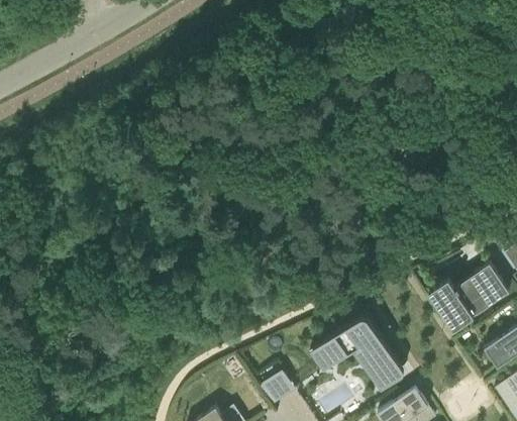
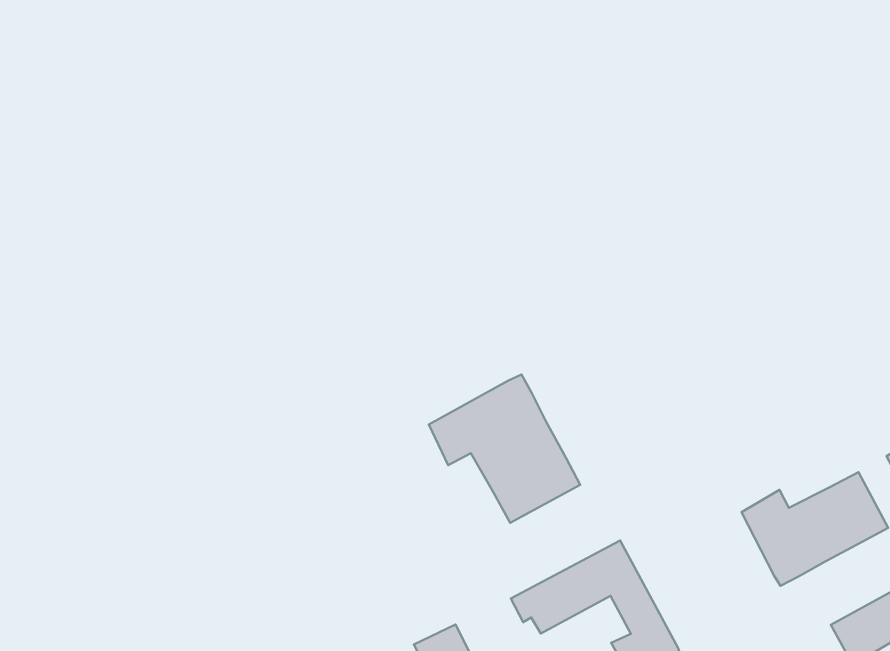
building: none -> [429,374,580,523]

